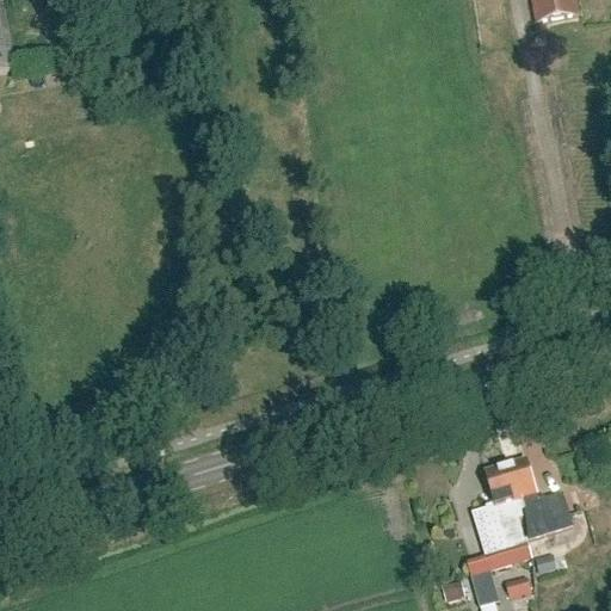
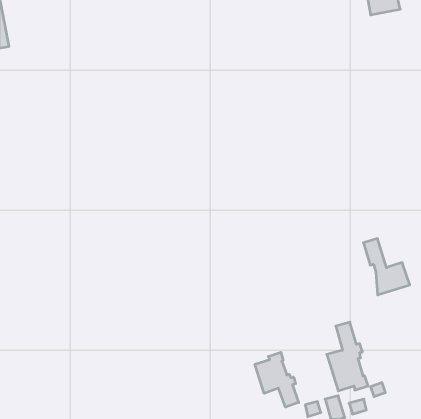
building: [505,458,572,539] -> [363,239,410,295]
building: none -> [255,352,299,407]

